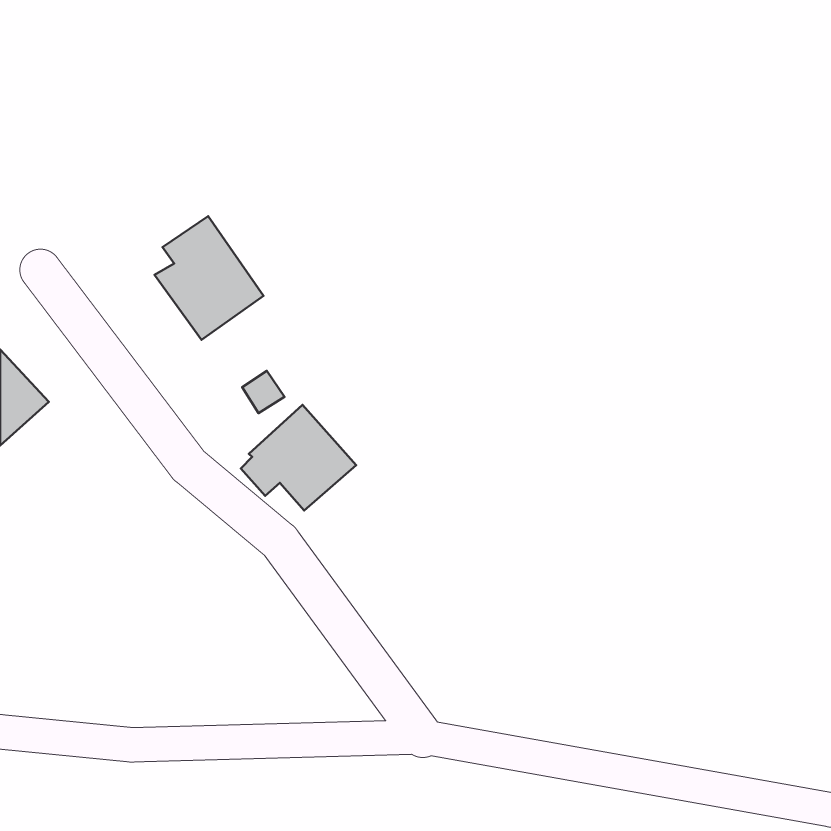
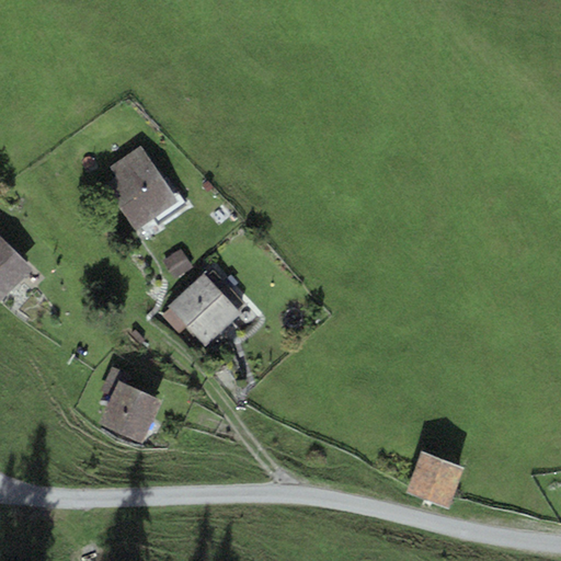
building: none -> [98,367,161,443]
building: none -> [405,451,463,507]

